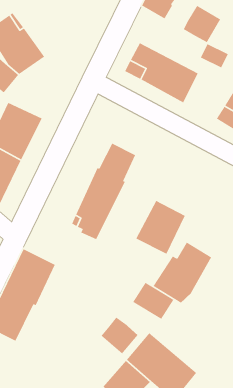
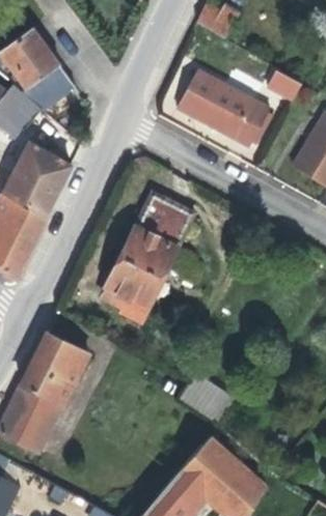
building: [183,5,221,43] -> none
building: [135,200,186,255] -> none
building: [153,242,212,303] -> none
building: [101,317,139,354] -> none

